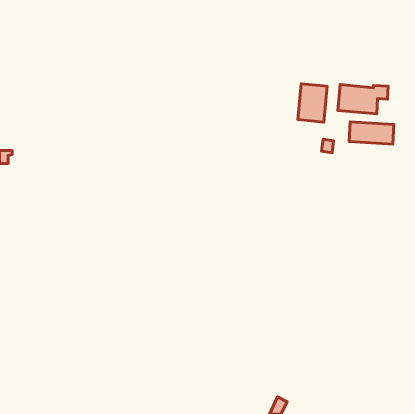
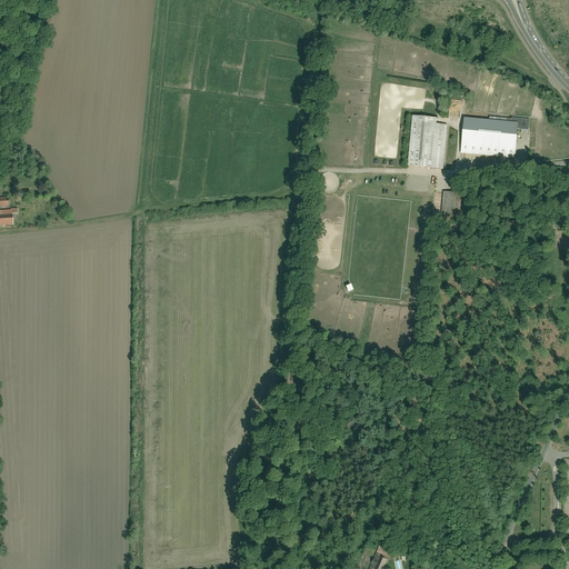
building: [349,122,394,144] -> none

